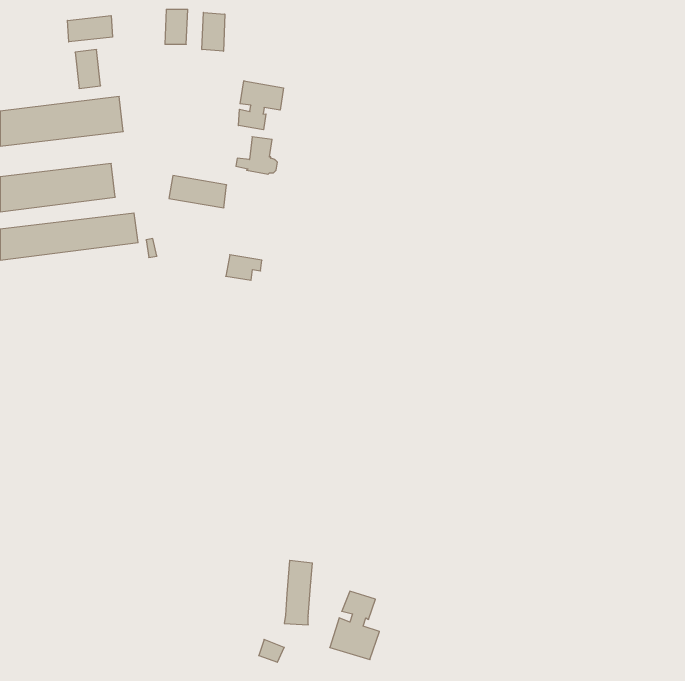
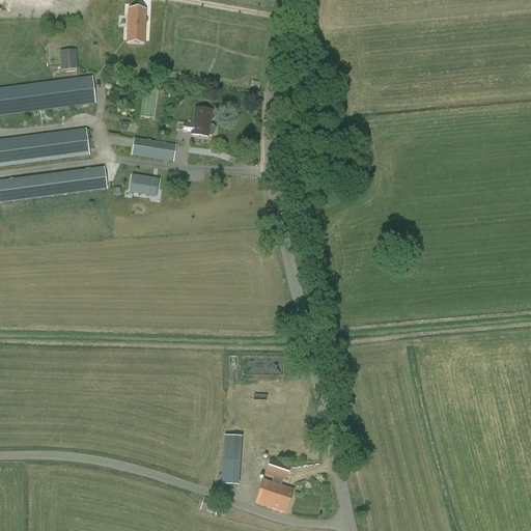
building: [202,12,225,51] -> none
building: [67,16,112,42] -> none
building: [238,81,283,130] -> none
building: [226,255,262,280] -> [131,175,159,195]

